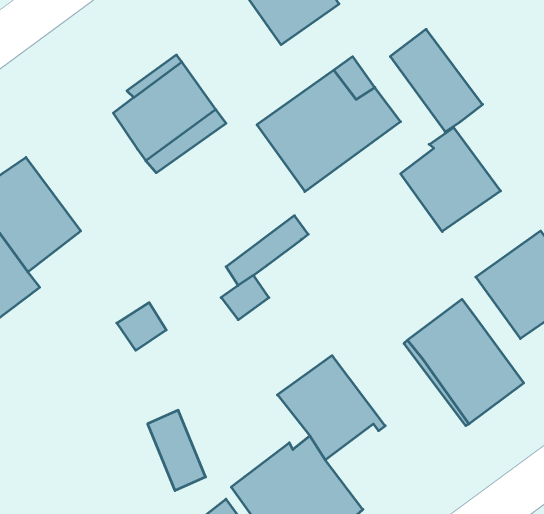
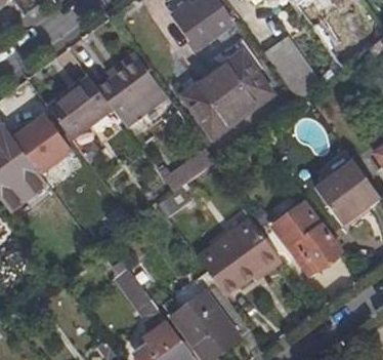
building: none -> [47,78,112,141]
building: [401,127,501,232] -> none
building: none -> [228,218,281,277]

